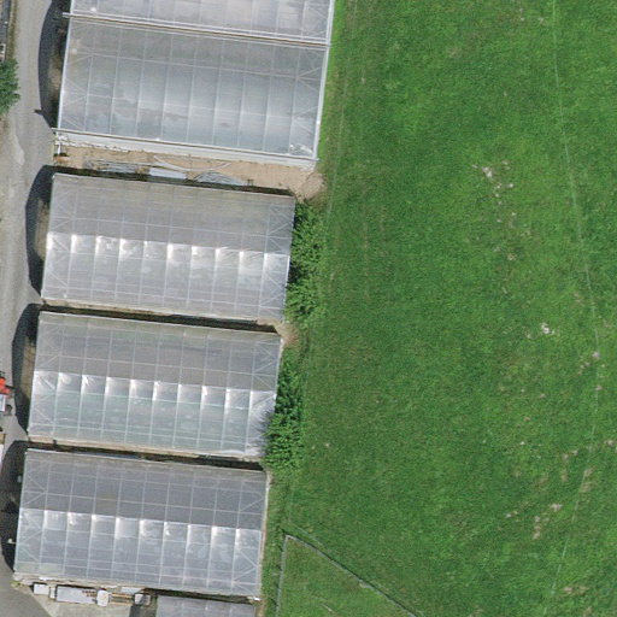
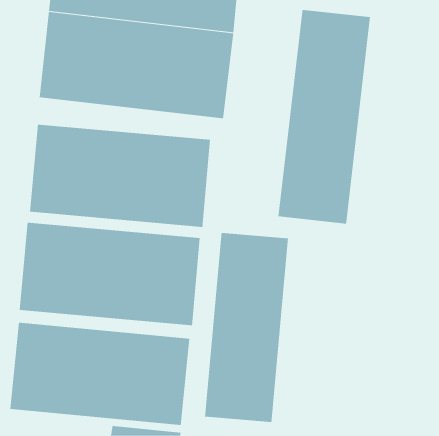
building: none -> [278,9,371,224]
building: none -> [205,232,288,423]

